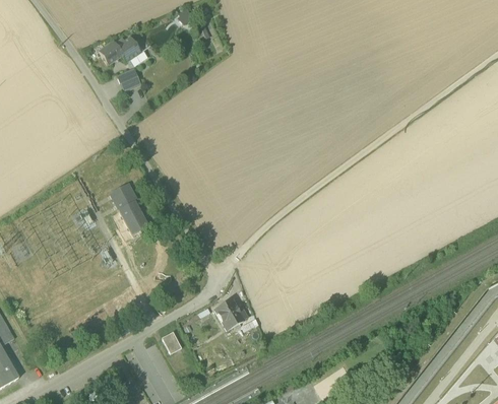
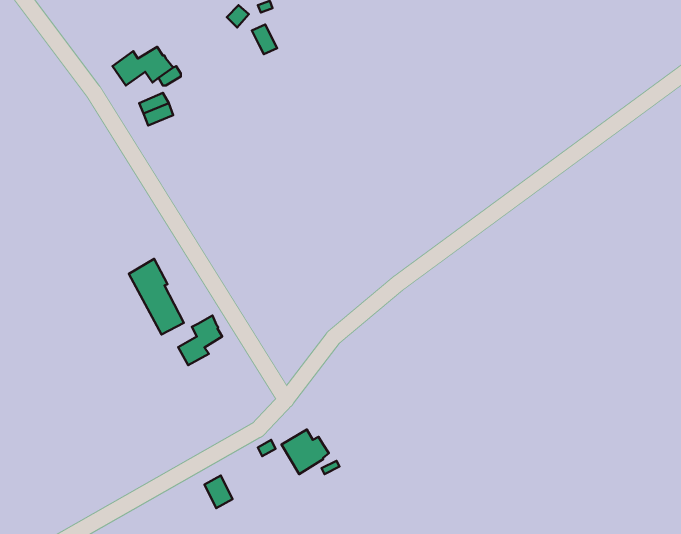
building: none -> [178,316,222,365]

